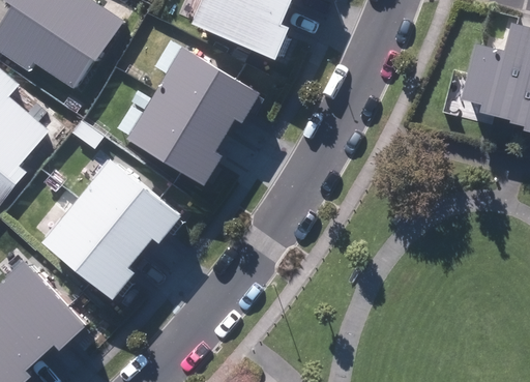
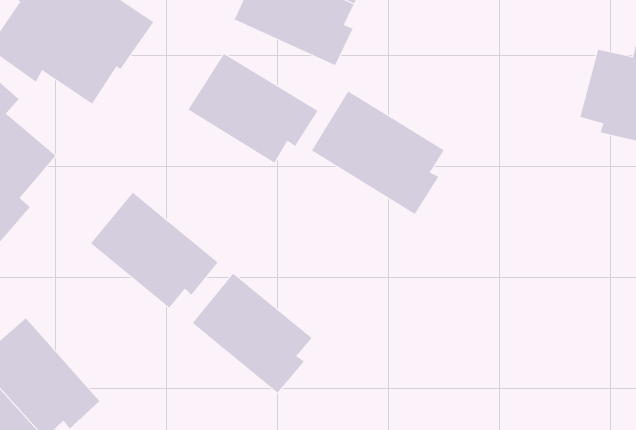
building: none -> [311,91,444,215]
building: [126,93,224,185] -> none
building: [41,201,139,298] -> [192,273,312,393]

